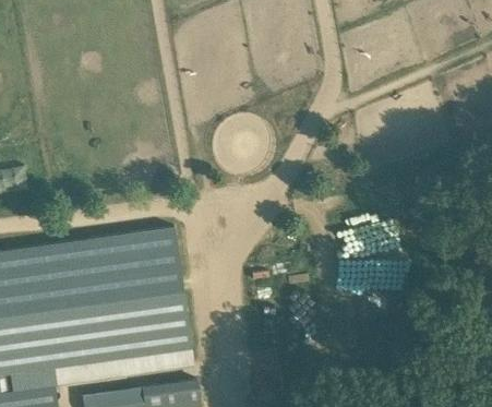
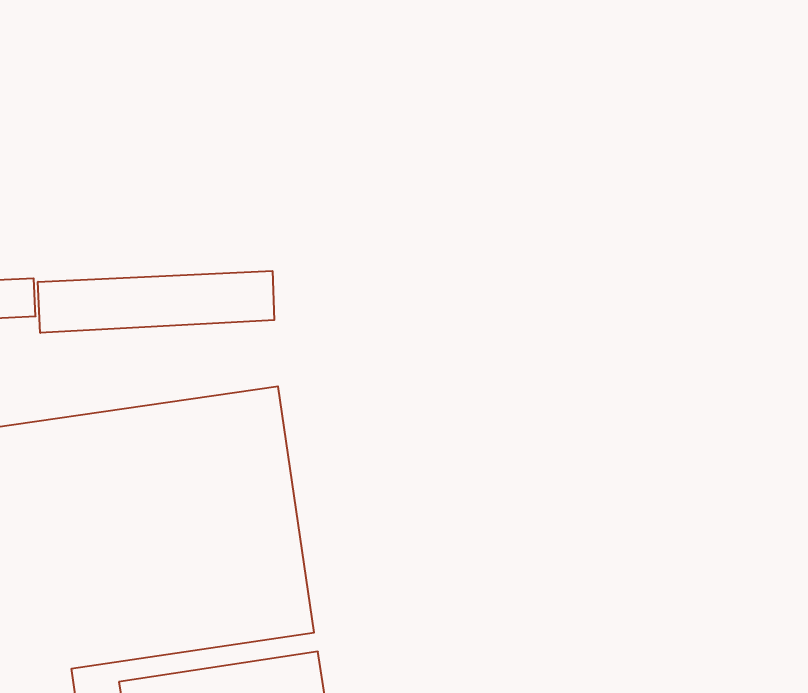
building: none -> [38,271,274,333]

